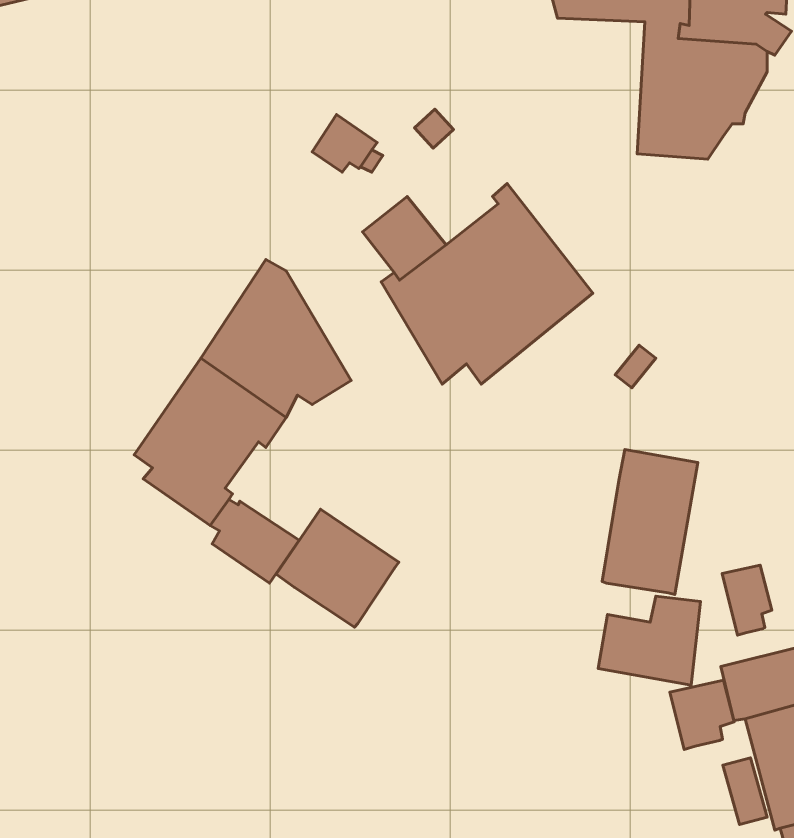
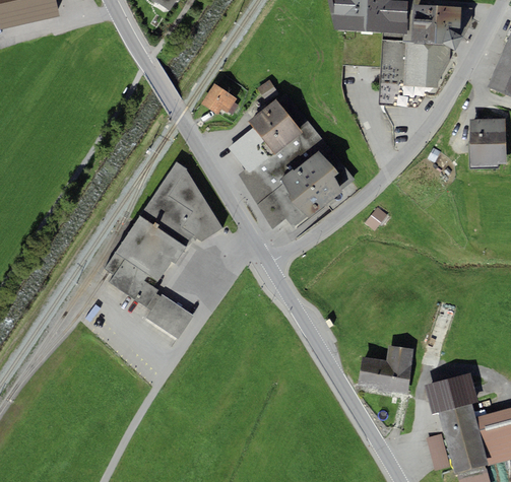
building: none -> [248,98,303,153]
building: [602,450,698,594] -> none
building: [276,509,399,627] -> none
building: [722,565,772,635] -> none
building: [670,680,734,750] -> none

